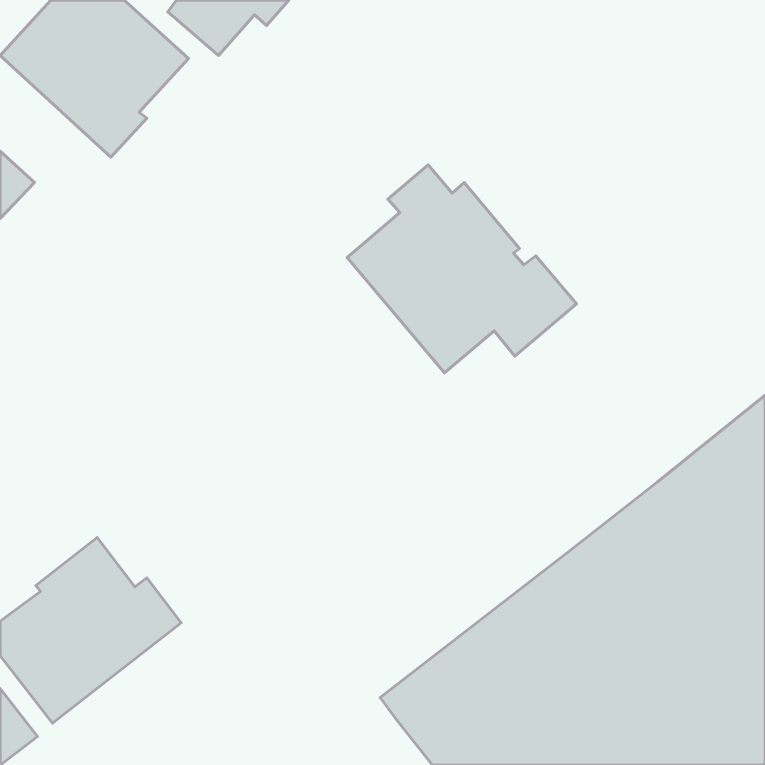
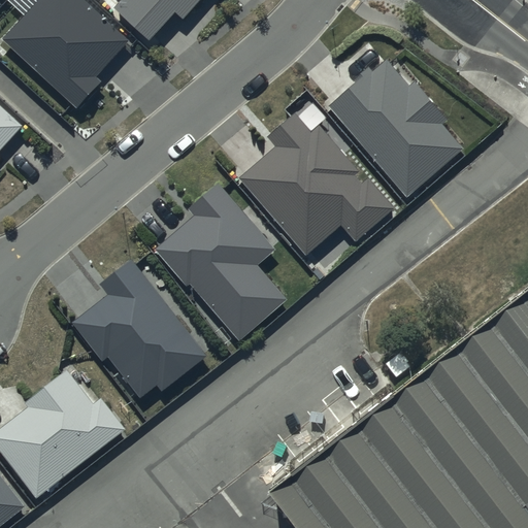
building: none -> [330,59,464,197]
building: none -> [155,184,288,341]
building: none -> [72,260,207,398]

